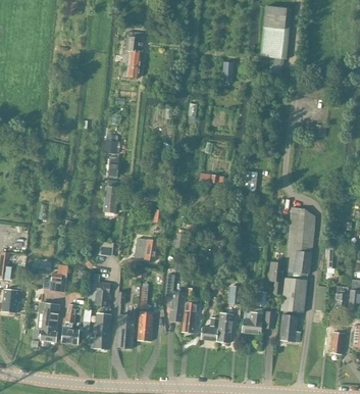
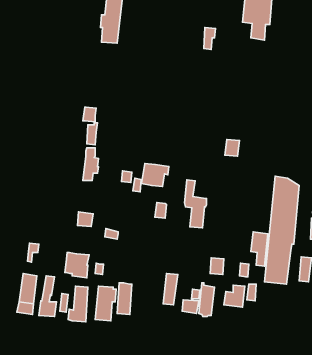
building: [134,237,160,259] -> [142,163,169,187]
building: [164,274,186,321] -> [185,180,207,228]
building: [280,314,301,342] -> none

